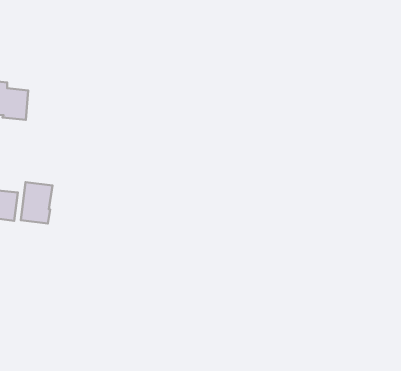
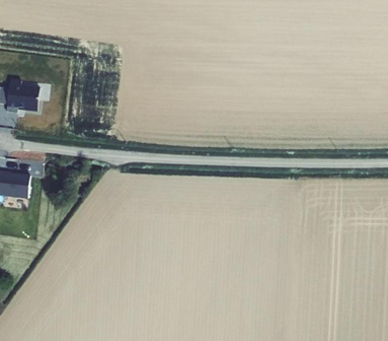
building: [21,182,52,223] -> none

